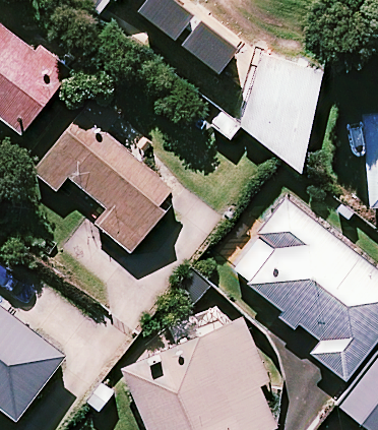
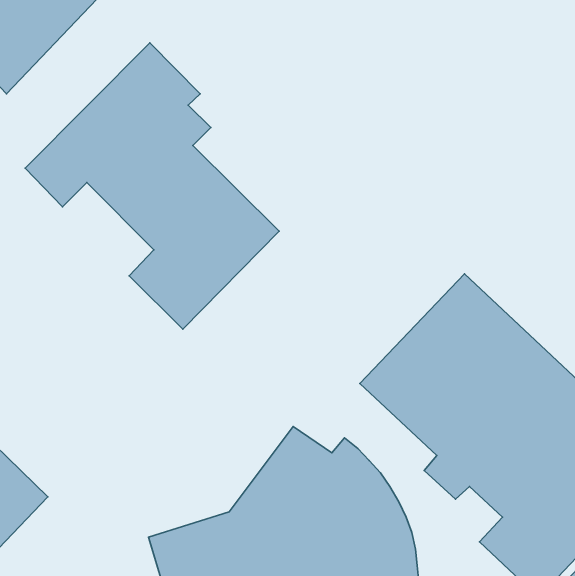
building: [240,56,328,172] -> none

